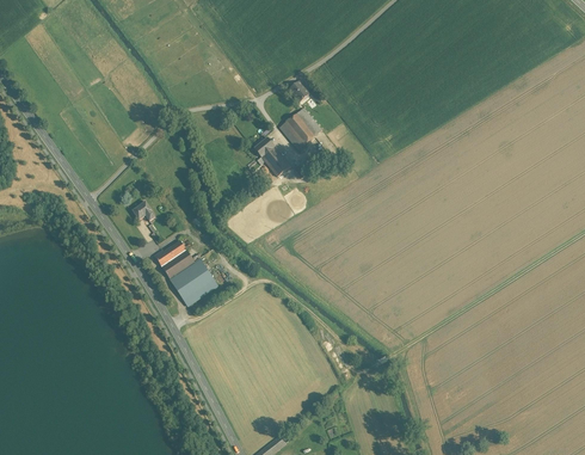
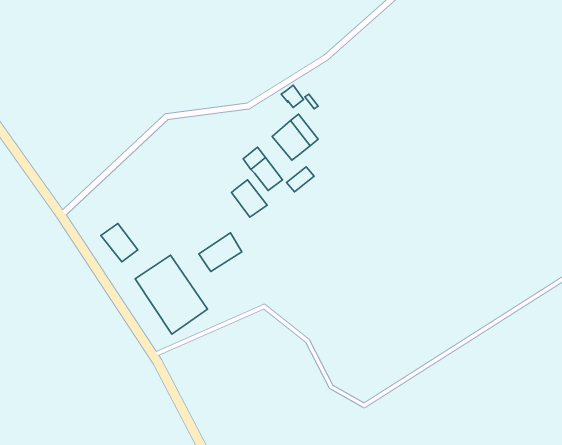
building: none -> [232,180,267,217]
building: none -> [199,233,242,272]

